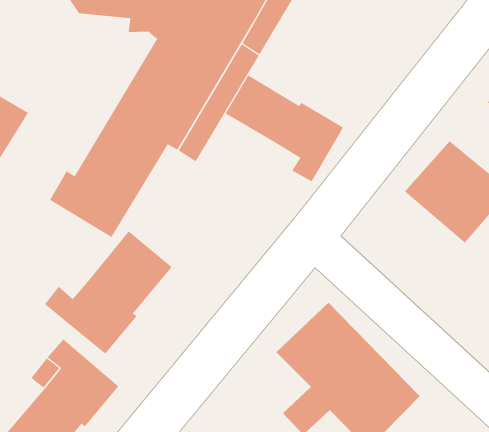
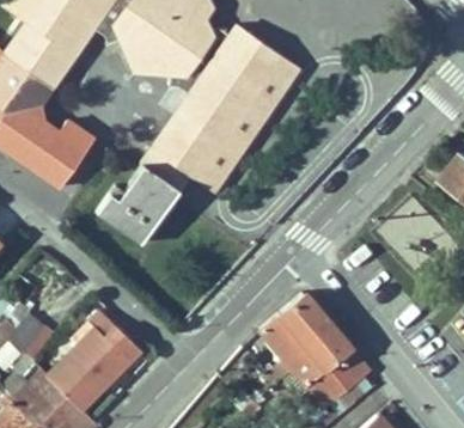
building: [225,74,344,182] -> none
building: [44,230,173,355] -> none

